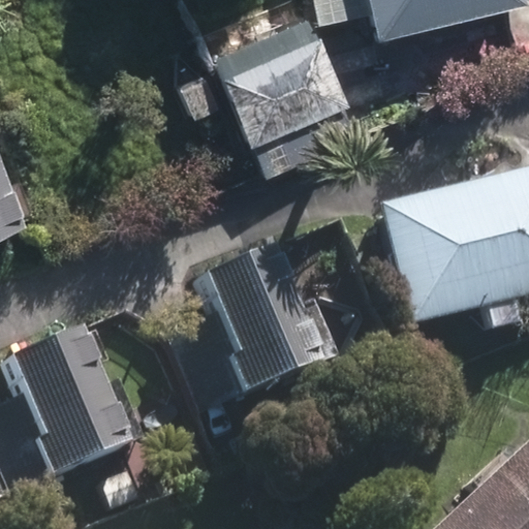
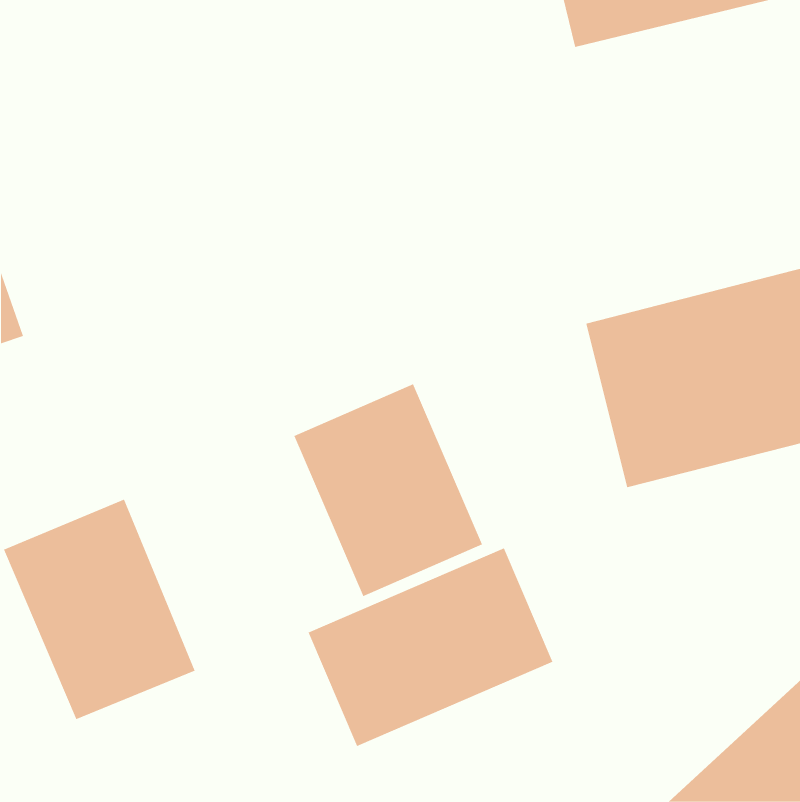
building: [229,38,345,137] -> none
building: none -> [308,548,553,747]

